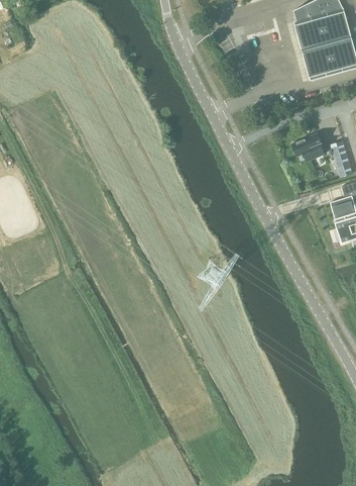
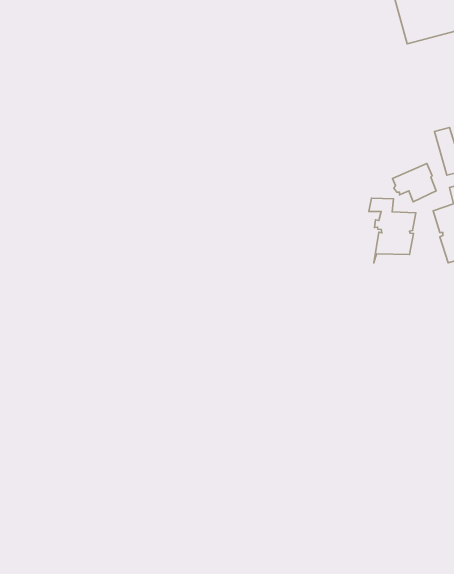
building: [292,132,325,161] -> [393,163,436,202]
building: none -> [369,198,416,263]

